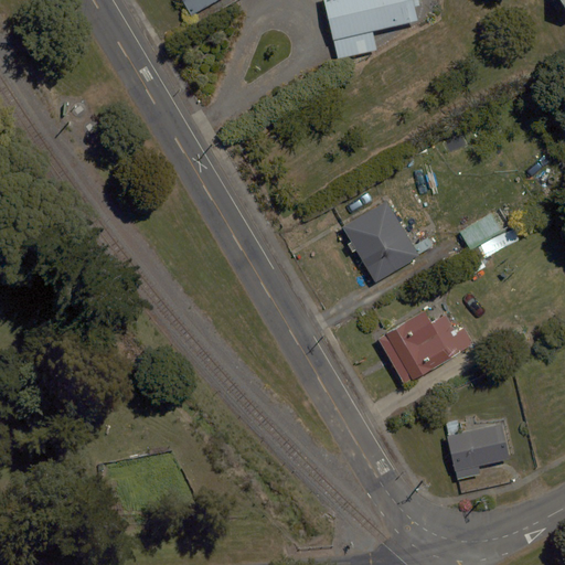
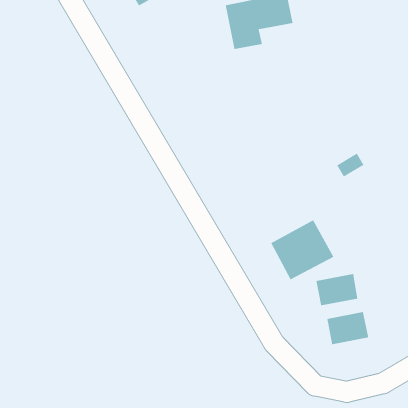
building: [341,190,430,279] -> none
building: none -> [315,273,358,306]

